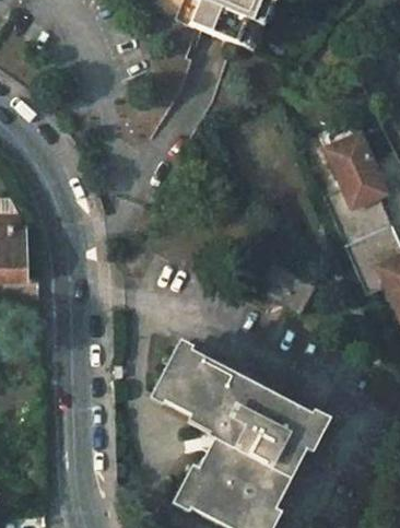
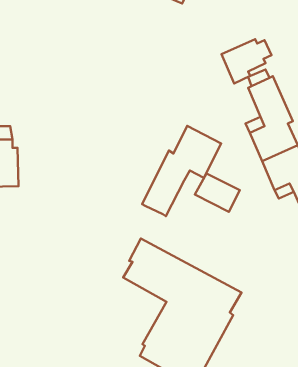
building: none -> [221,39,272,83]
building: none -> [142,126,221,216]

